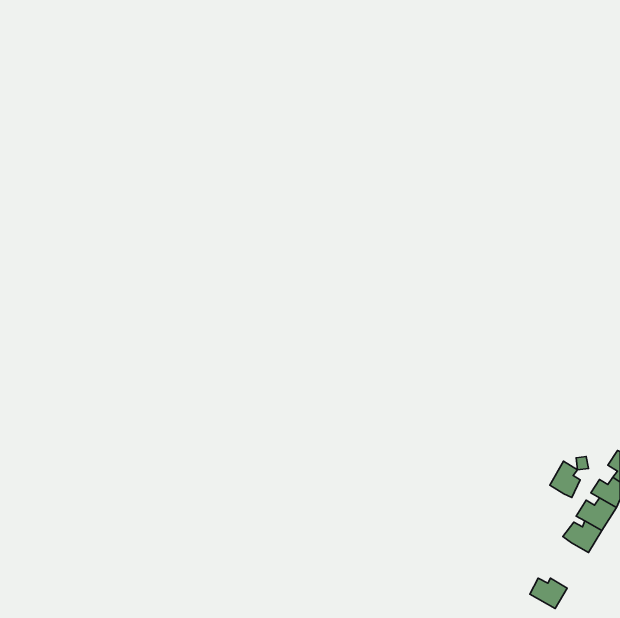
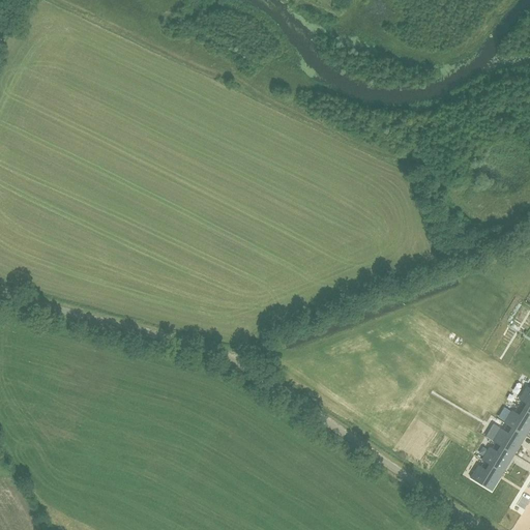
building: [550,461,580,498] -> none
building: [530,578,567,609] -> [470,463,502,489]

